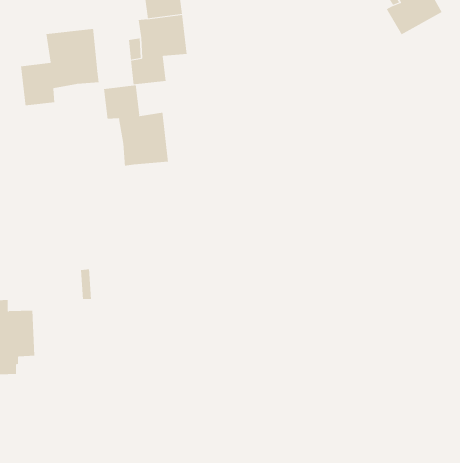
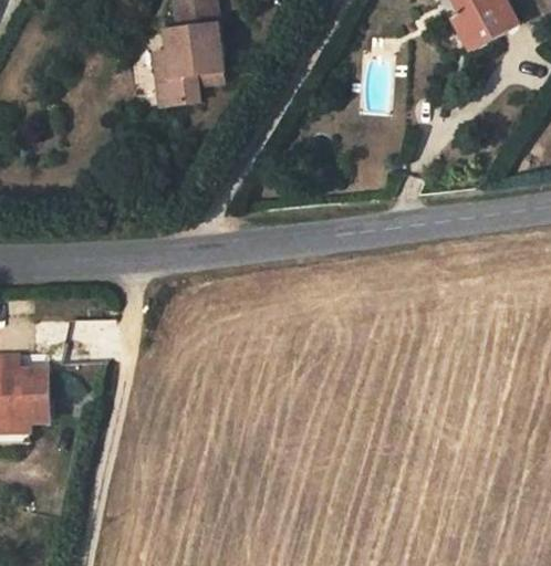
building: [21,28,99,106] -> none
building: [104,85,168,167] -> none

